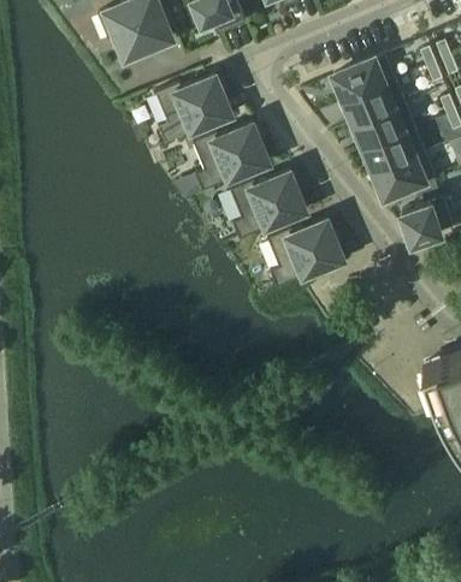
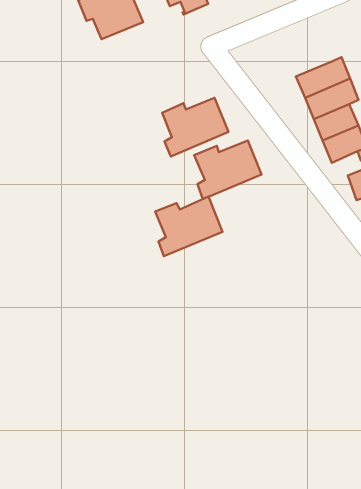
building: [335,59,385,101] -> none
building: [156,77,232,143] -> none
building: [267,220,343,287] -> [155,197,223,256]

